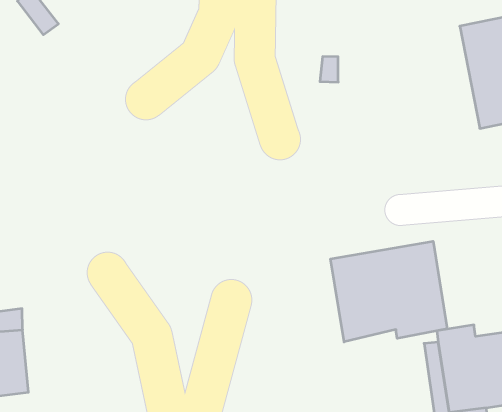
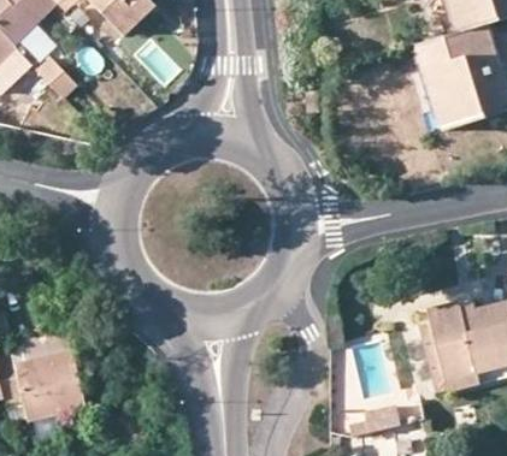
building: [331,241,447,342] -> none

